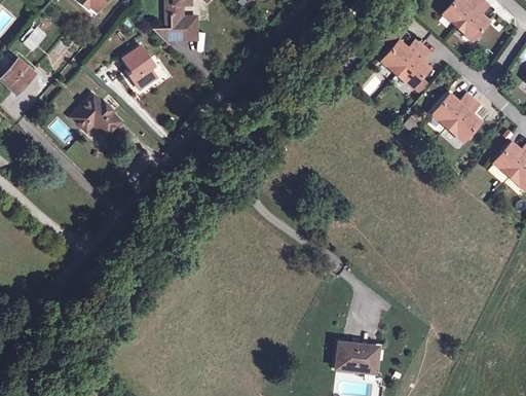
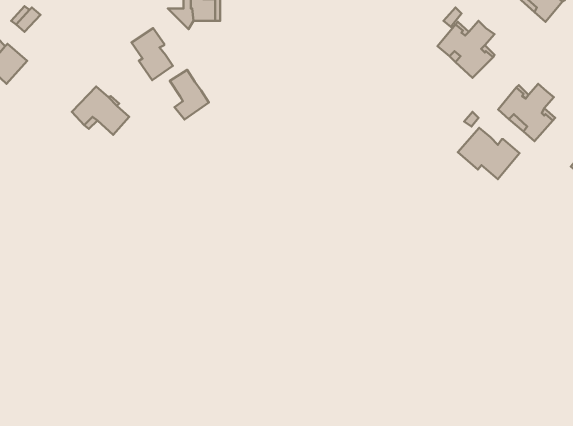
building: none -> [170,70,209,119]
building: none -> [458,128,519,179]
building: [342,339,384,369] -> none

